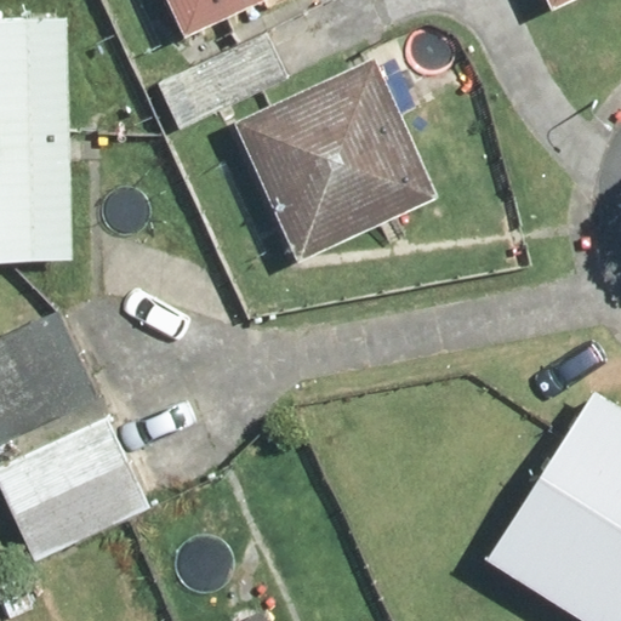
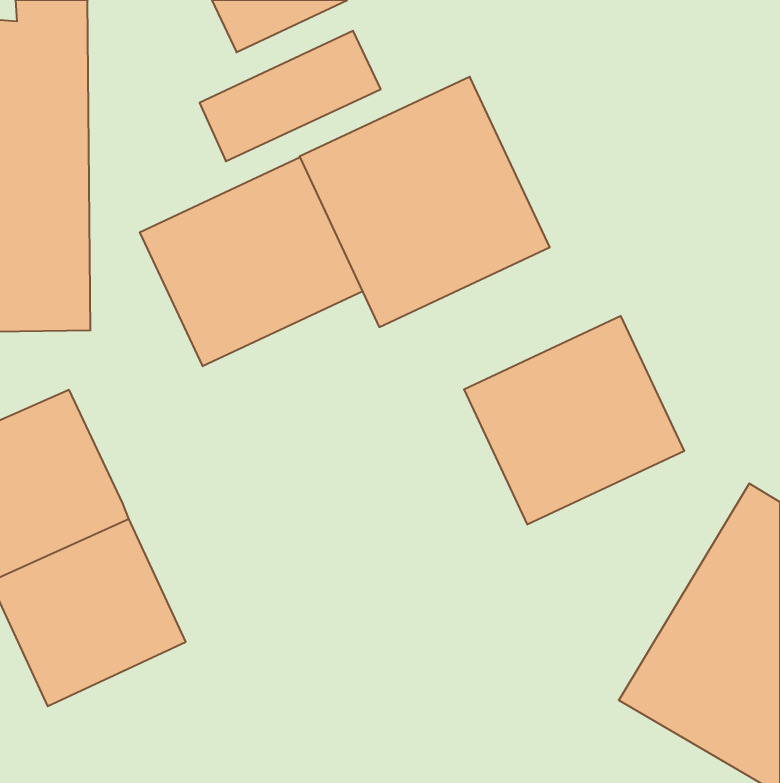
building: none -> [140,157,363,366]
building: none -> [464,316,684,525]

